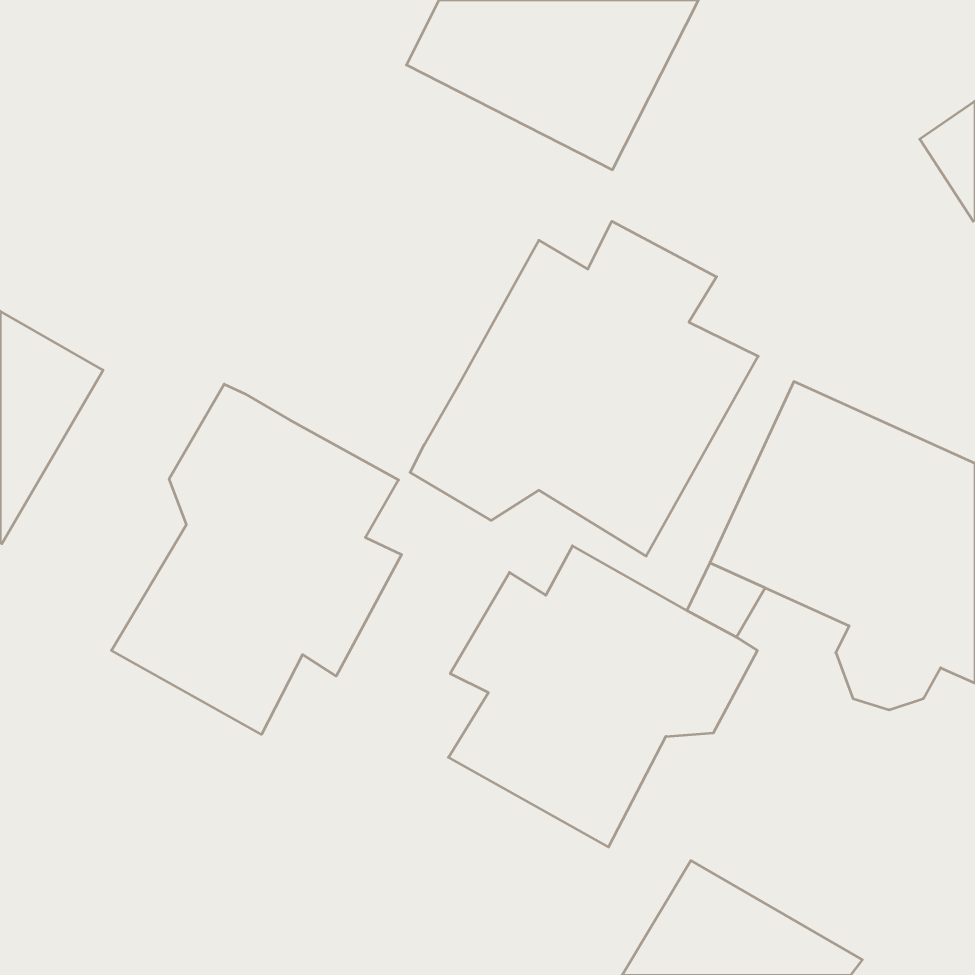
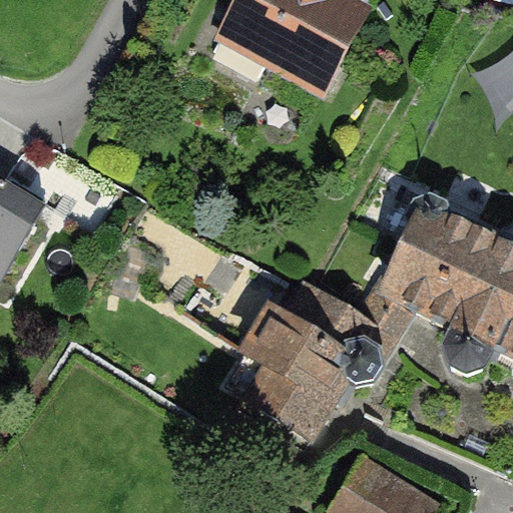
building: [410,221,758,556] -> none
building: [111,384,402,734] -> none

